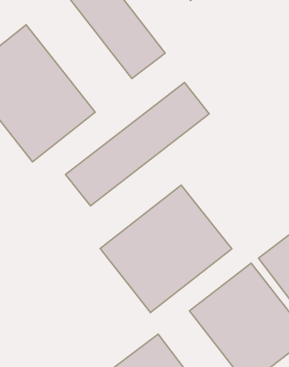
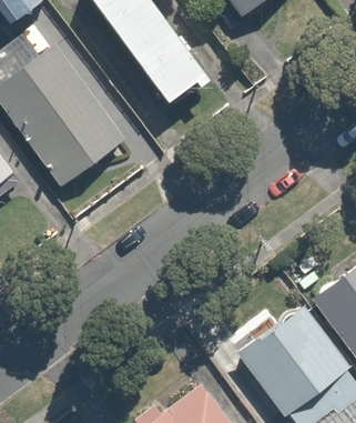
building: [66,82,209,206] -> none
building: [100,185,232,312] -> none

